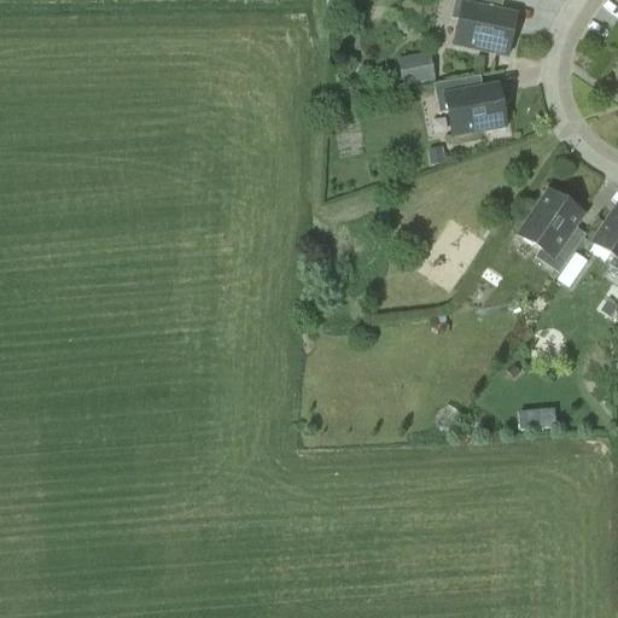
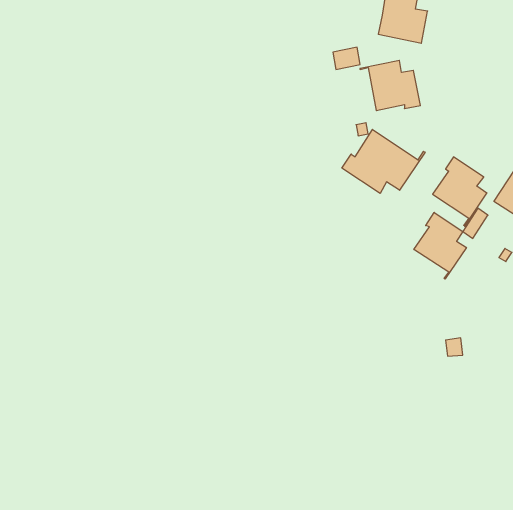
building: none -> [342,129,425,193]
building: none -> [414,212,466,279]

